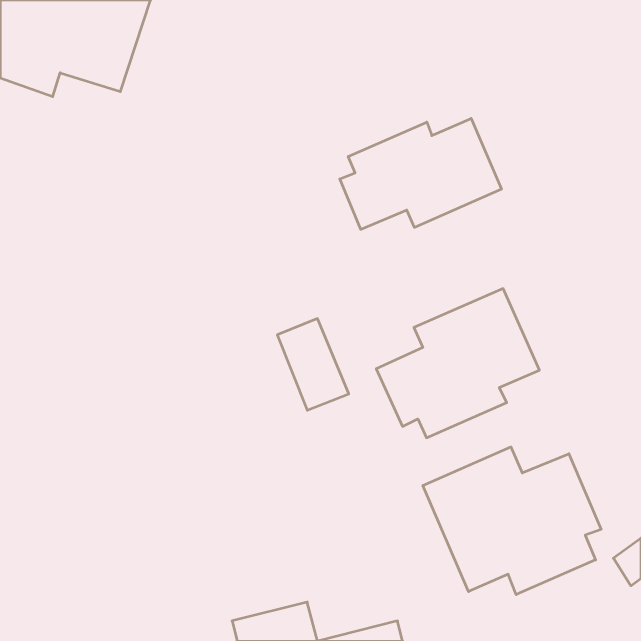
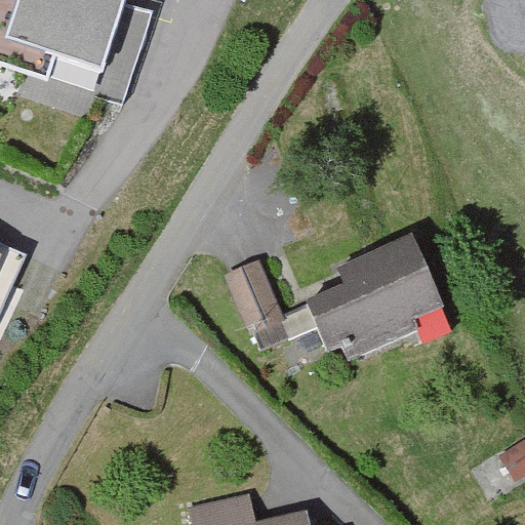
building: [340,118,501,229] -> none
building: [423,447,601,595] -> none

